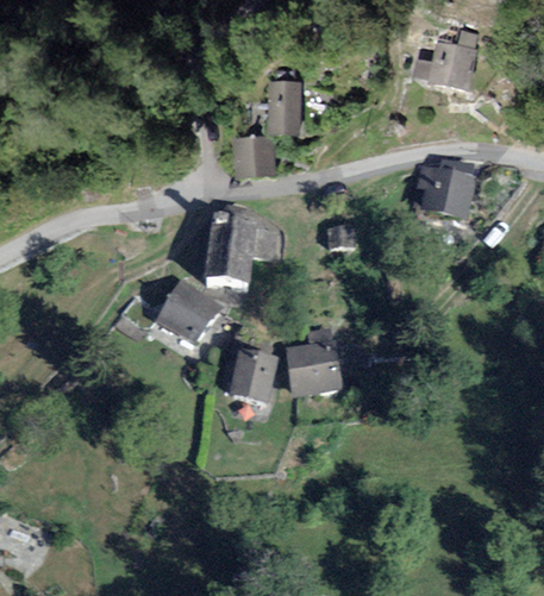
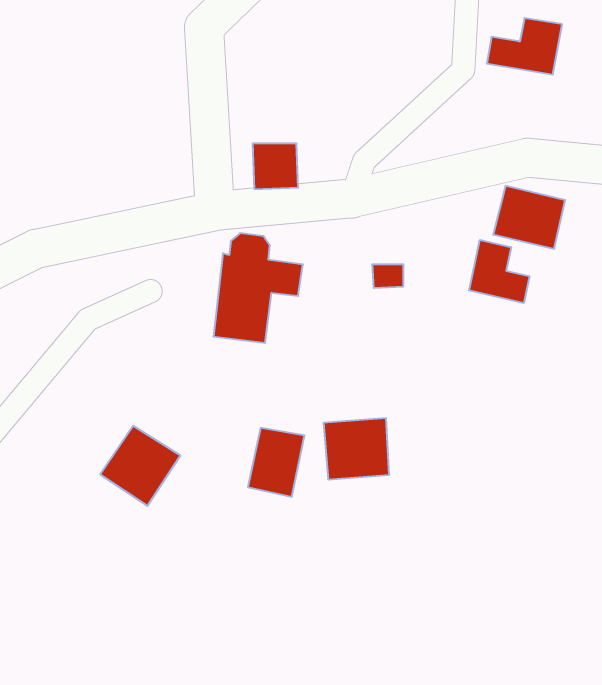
building: [270,82,298,128] -> none
building: none -> [469,240,530,303]
building: [158,282,219,343] -> [100,426,180,506]

